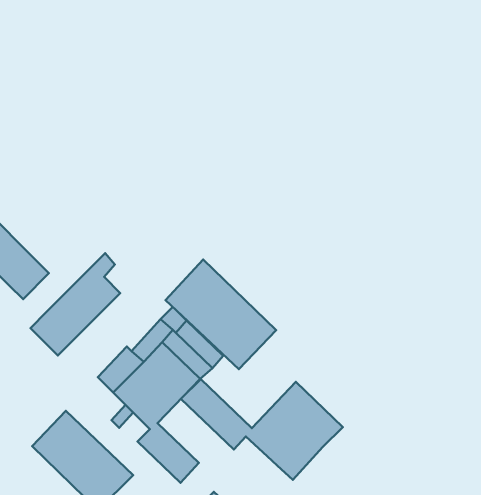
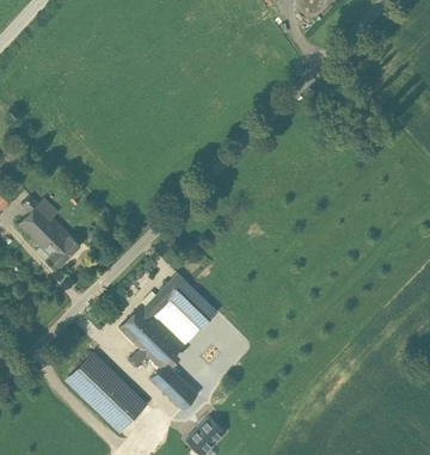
building: [30,253,120,356] -> none
building: [166,259,276,369] -> none
building: [181,379,343,480] -> none

